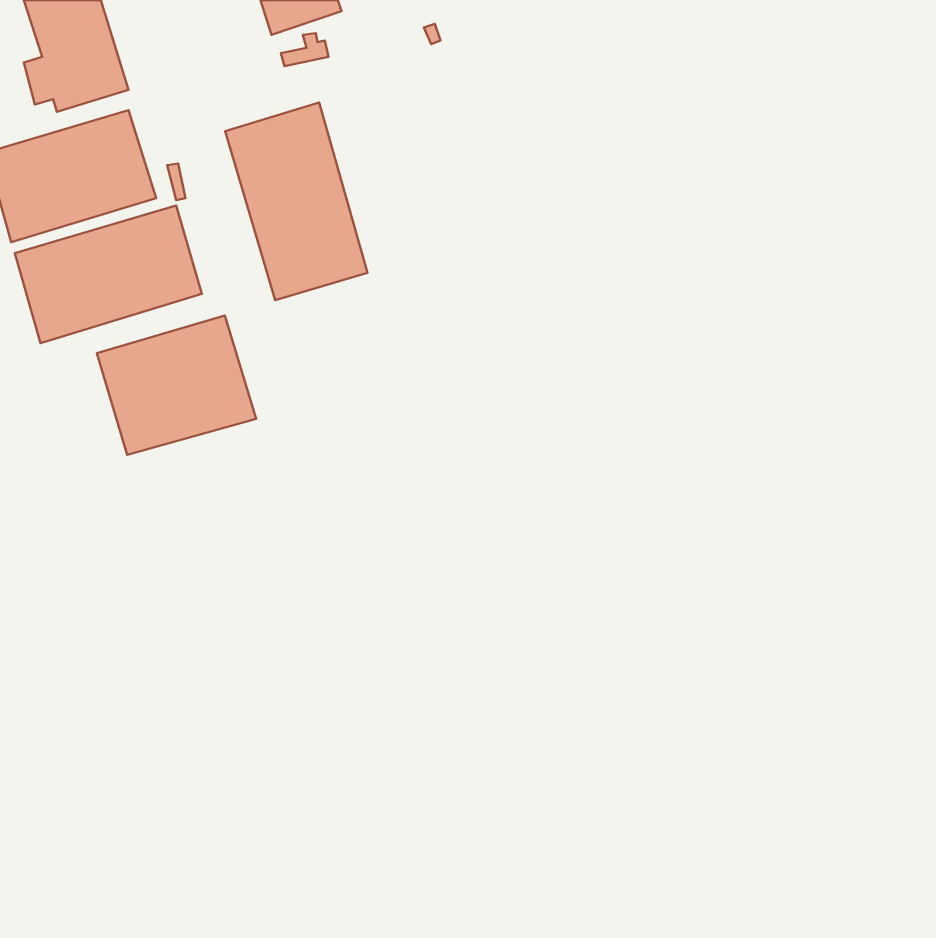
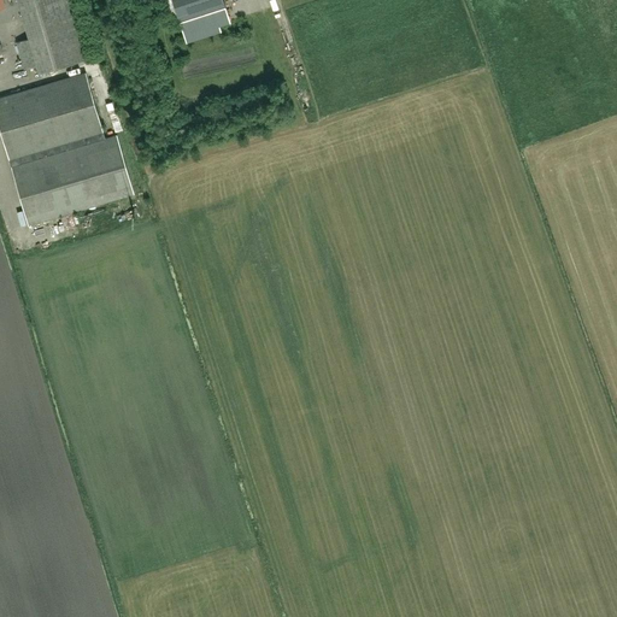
building: [225,102,368,300] -> none
building: [97,315,256,455] -> none

